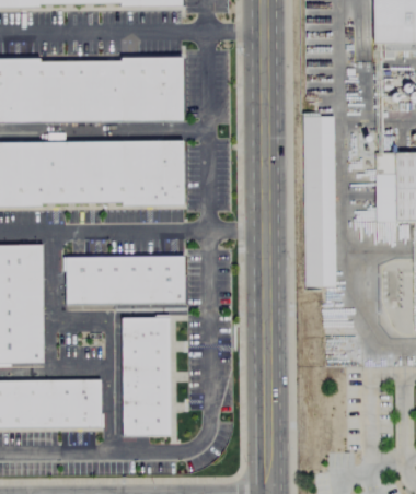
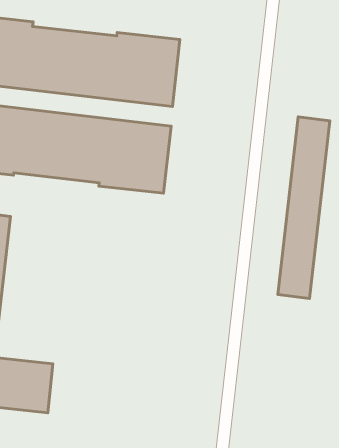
building: [65,256,184,305] -> none
building: [122,317,170,437] -> none

